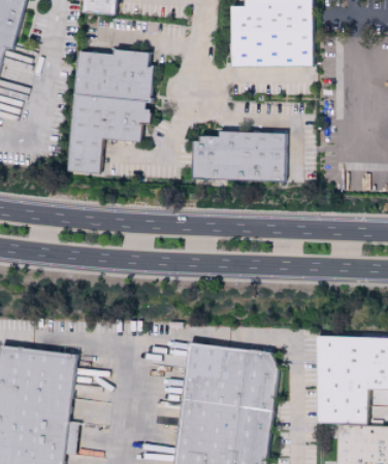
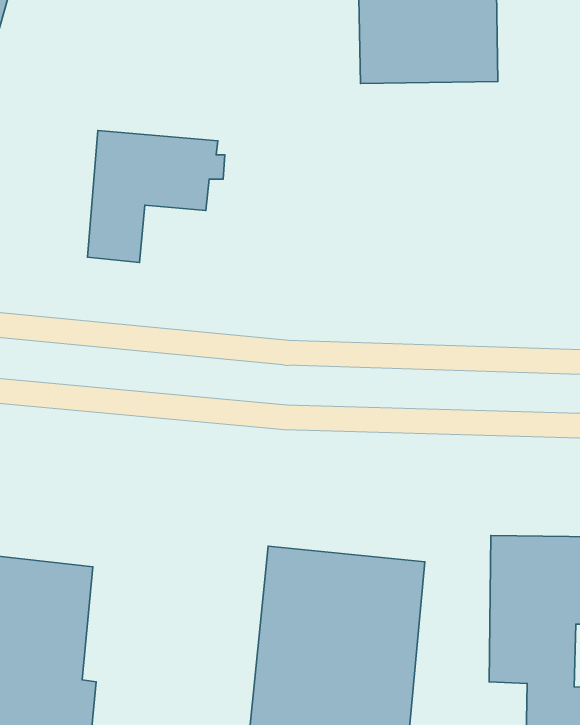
building: [79,48,157,102] -> none
building: [194,131,290,183] -> none

